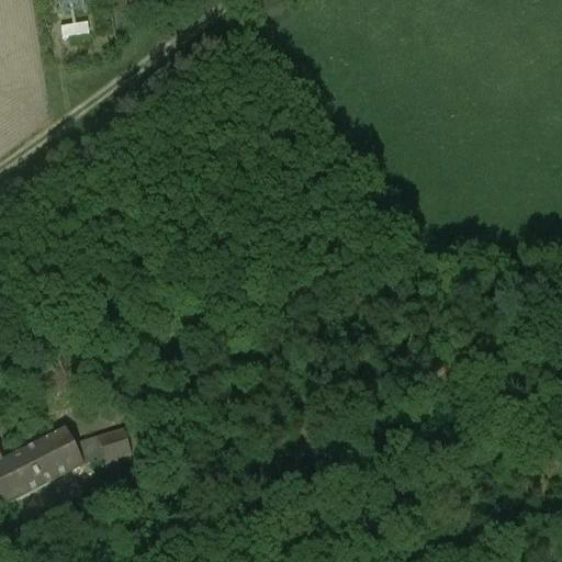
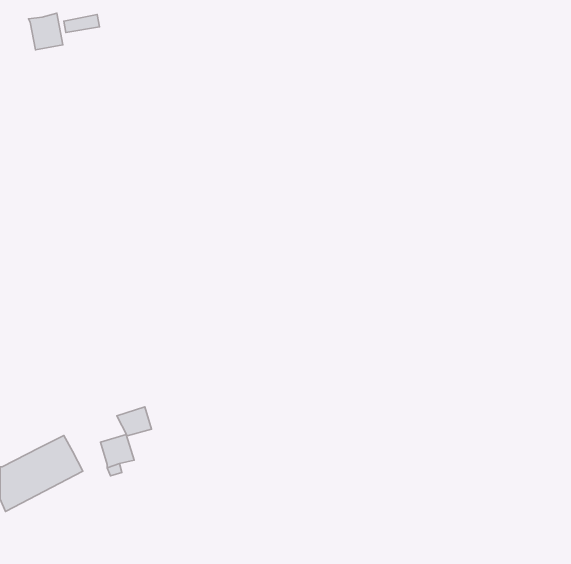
building: none -> [29,13,63,50]
building: [71,435,105,463] -> [117,407,152,436]

